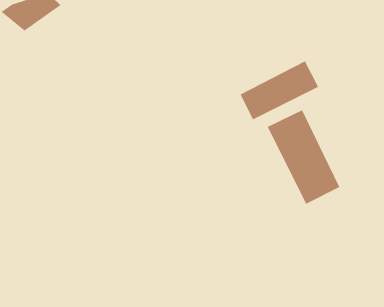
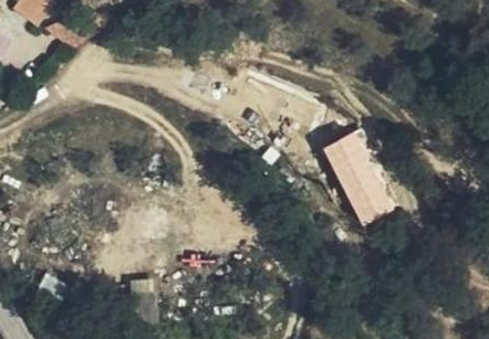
building: [240,61,319,120] -> none

